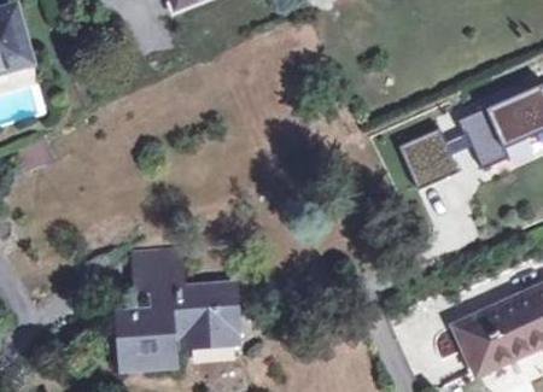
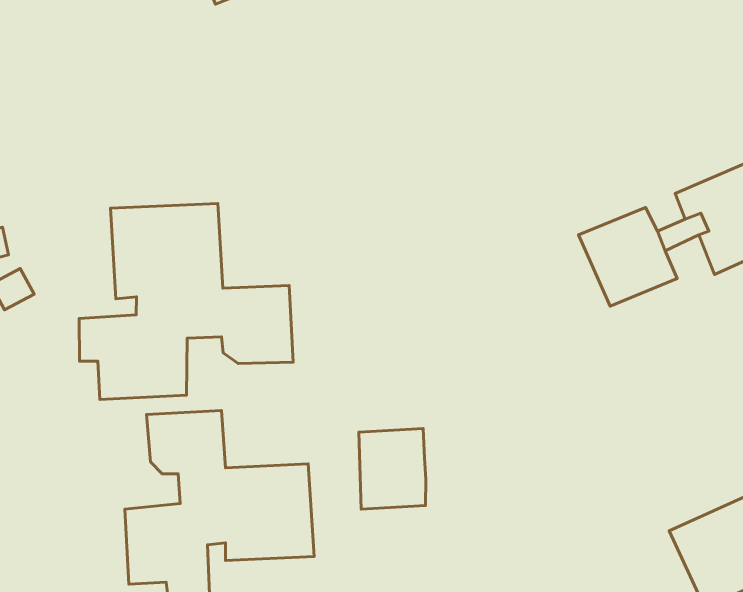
building: none -> [79,204,293,400]
building: none -> [359,429,426,509]

